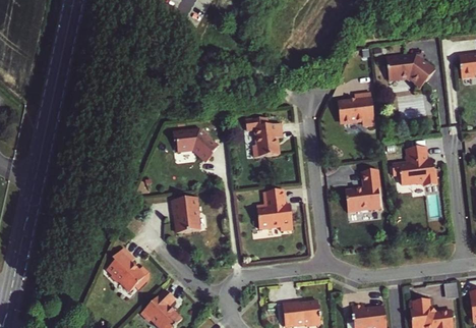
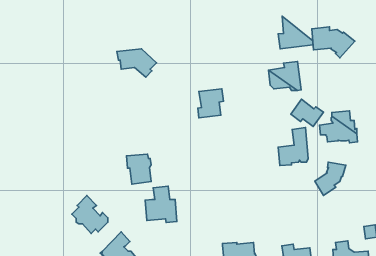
building: none -> [278,16,313,49]
building: [172,128,218,161] -> [117,49,156,77]
building: none -> [291,99,324,126]
building: [256,189,293,231] -> [145,186,177,222]
building: none -> [315,162,346,195]

